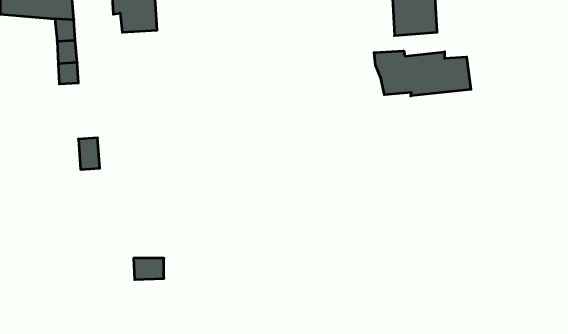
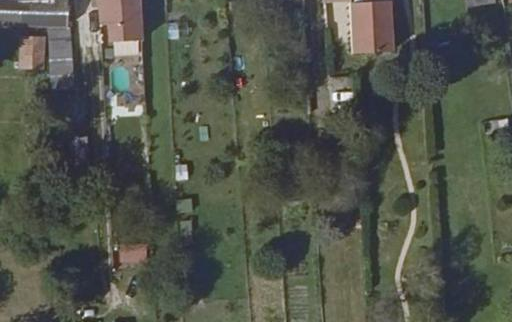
building: none -> [17,30,44,65]
building: [374,51,471,96] -> none

